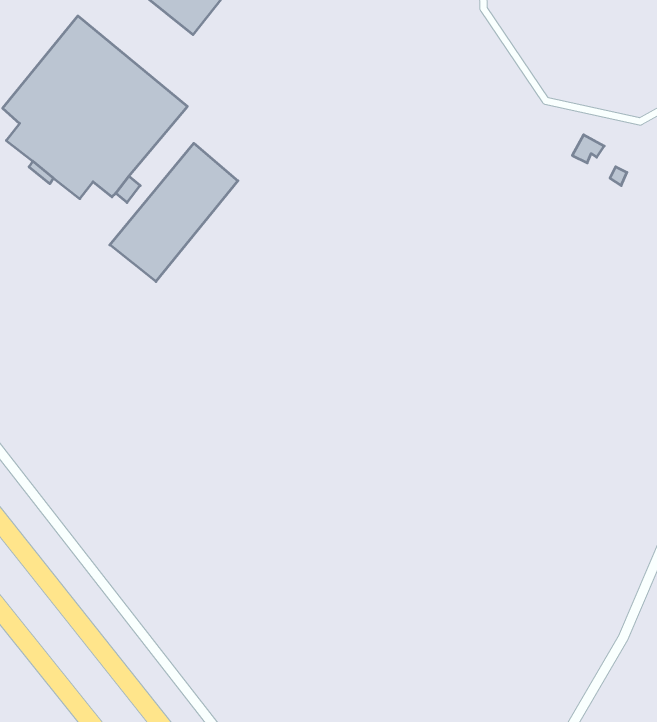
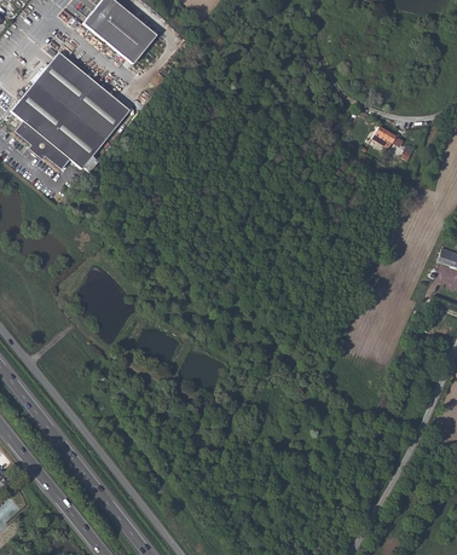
building: [110,143,238,282] -> none

